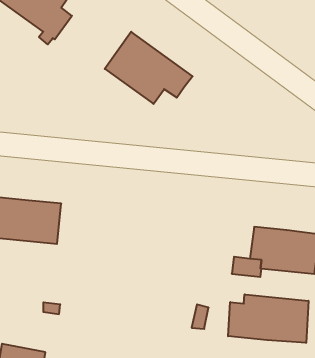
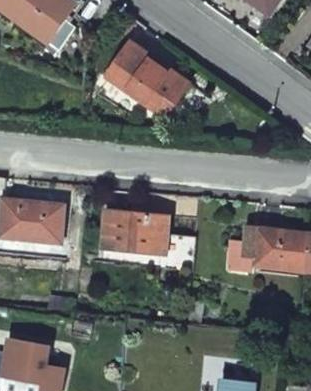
building: none -> [101,210,168,254]
building: [228,294,308,343] -> none

